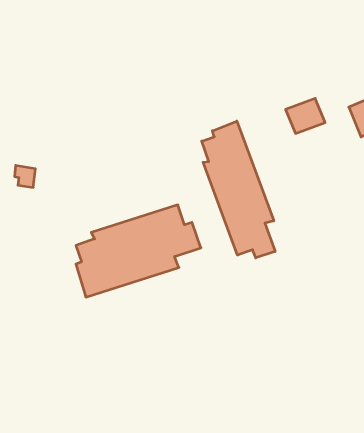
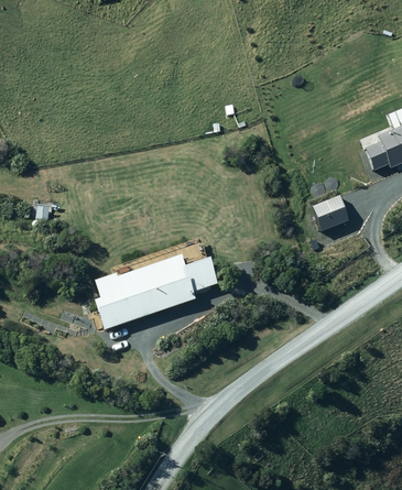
building: [286,98,325,133] -> [311,196,350,231]
building: [202,121,275,258] -> none

